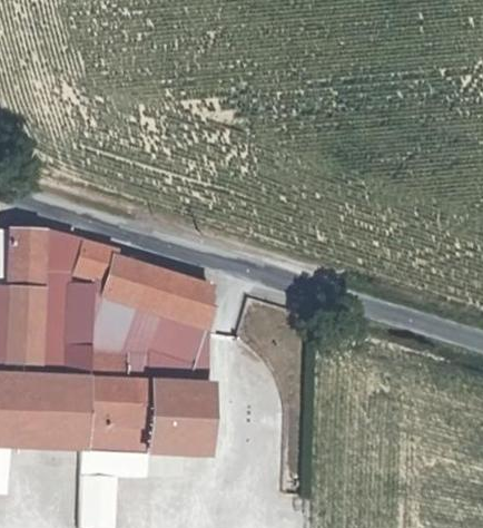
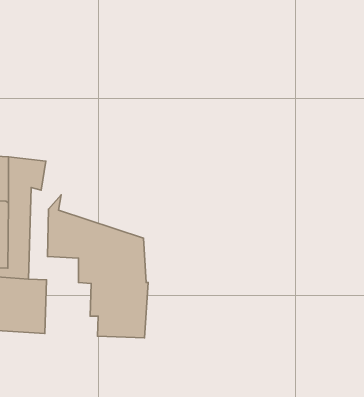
building: [78,237,210,334] -> none
building: [82,354,148,452] -> none

